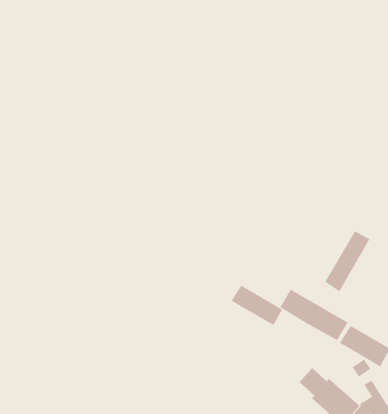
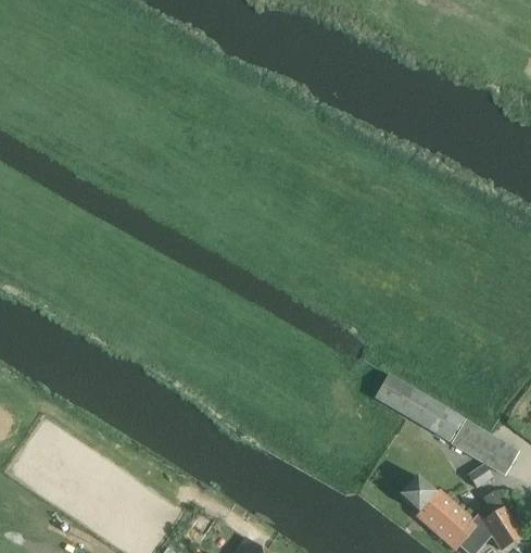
building: [324,231,370,292] -> none
building: [231,285,283,326] -> none

